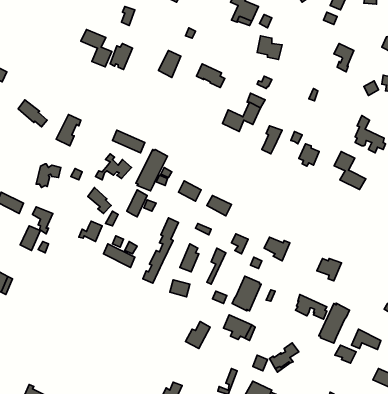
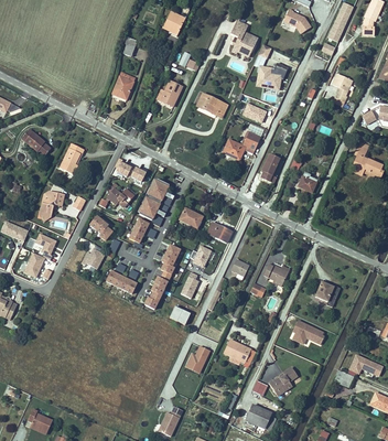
building: [81,29,112,67] -> none
building: [334,152,366,190] -> none
building: [232,276,261,311] -> none
building: [319,303,349,343] -> none

